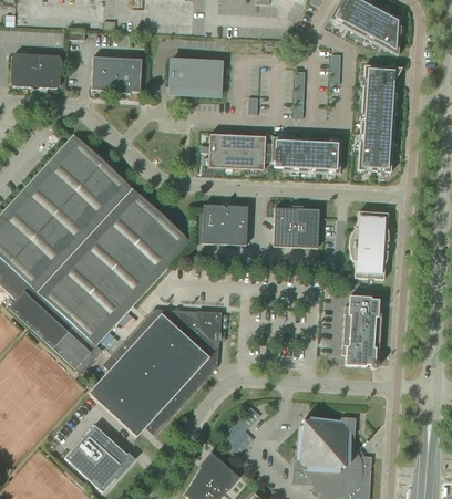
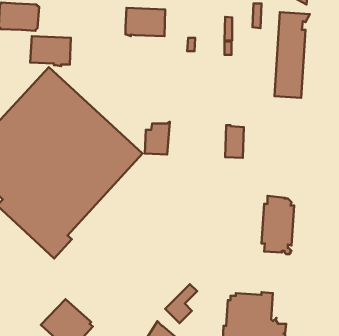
building: [91,56,142,94] -> [30,36,71,66]
building: [201,134,341,174] -> none
building: [223,202,248,245] -> none
building: [274,207,297,247] -> none
building: [349,211,389,280] -> none
building: [89,309,222,437] -> none

